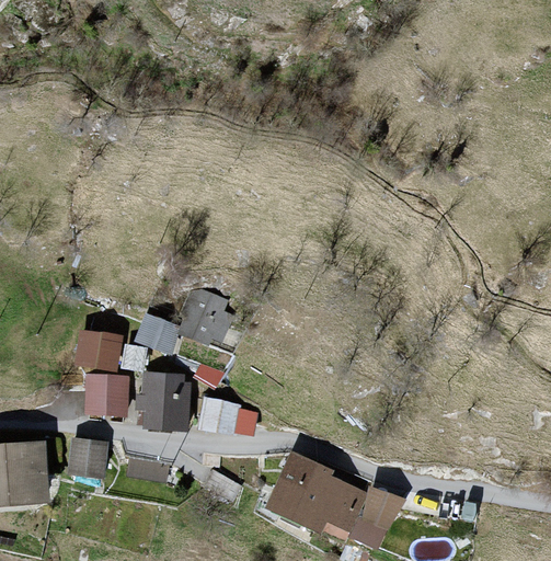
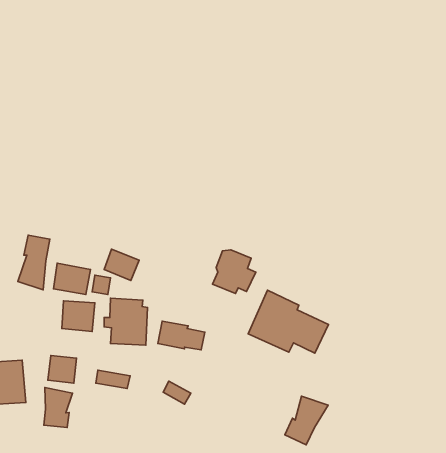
building: [180,290,231,342] -> [212,250,256,293]
building: none -> [18,235,50,290]
building: [269,454,365,528] -> [248,290,329,353]
building: none -> [44,388,72,428]

